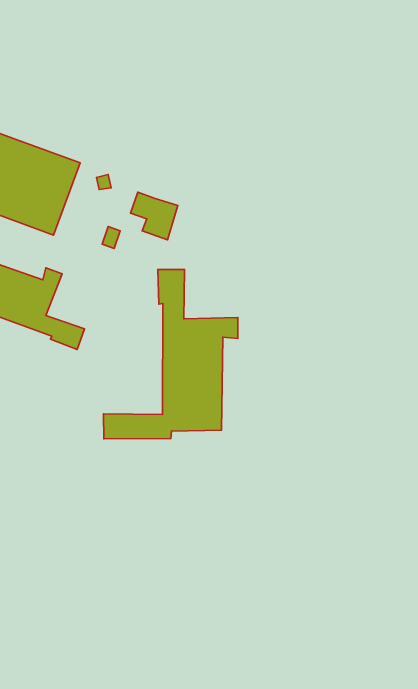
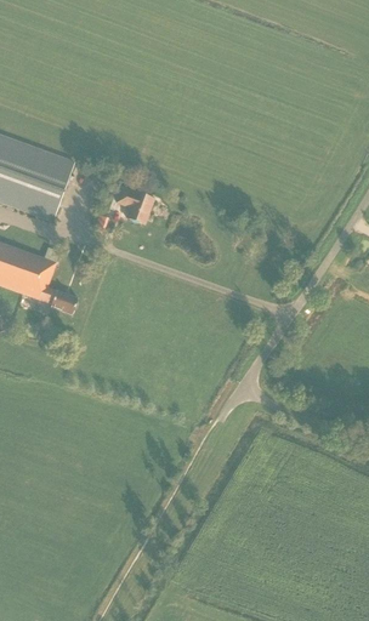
building: [103,269,238,439] -> none

